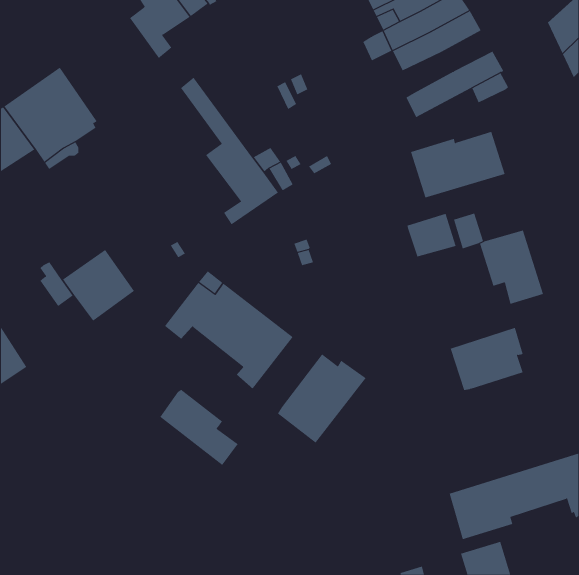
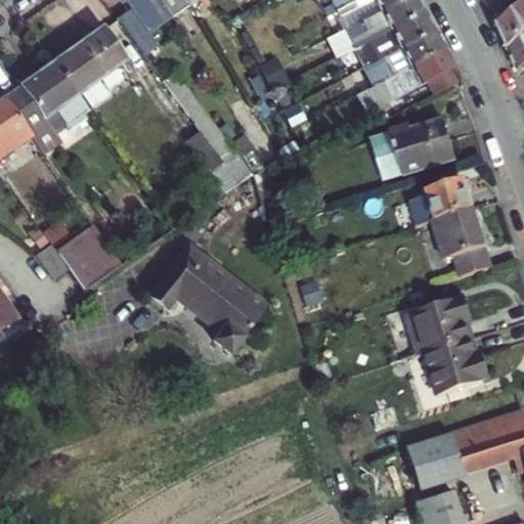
building: none -> [54,27,126,110]
building: none -> [363,28,445,84]
building: [407,213,456,257] -> [428,178,473,218]
building: [277,353,366,443] -> none
building: none -> [425,337,491,395]
building: [159,389,239,466] -> none

